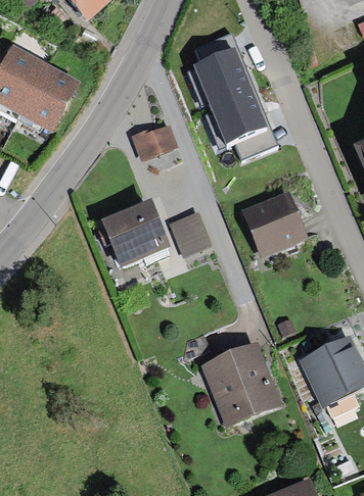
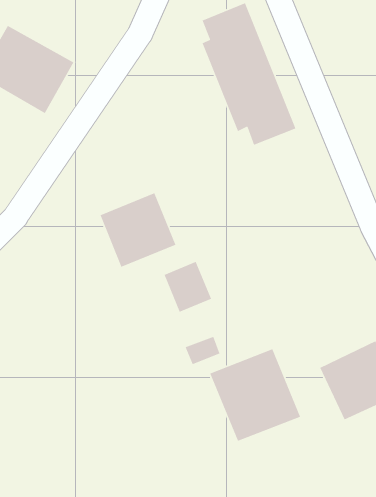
building: [132,123,178,159] -> none
building: [240,190,309,257] -> none
building: [169,209,213,256] -> [163,261,212,313]

